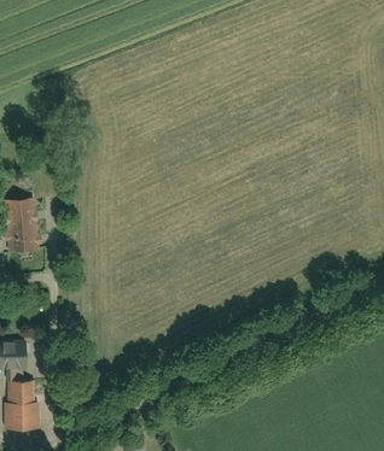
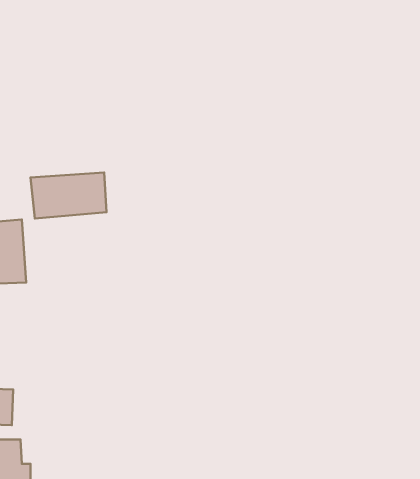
building: none -> [31,172,106,218]

